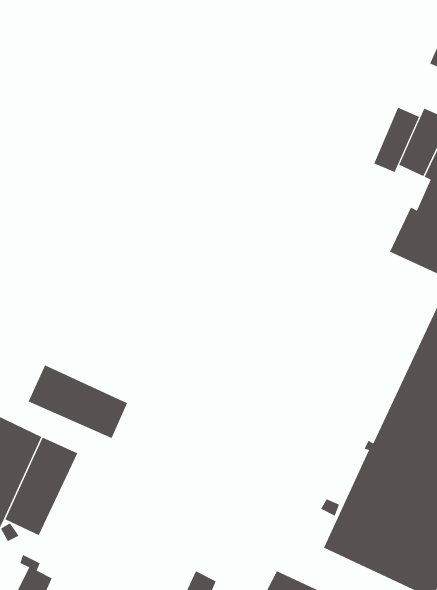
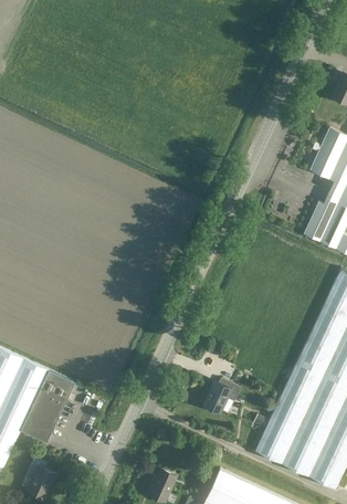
building: [374,107,420,173] -> none
building: [28,364,128,439] -> none
building: none -> [201,378,239,412]

